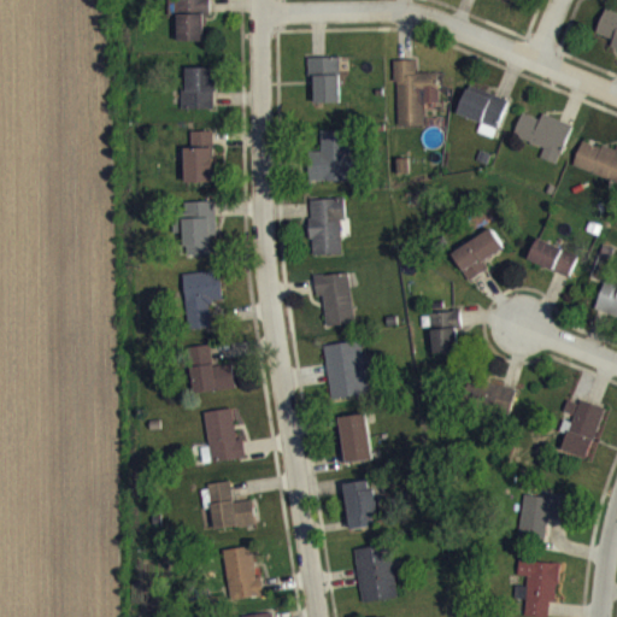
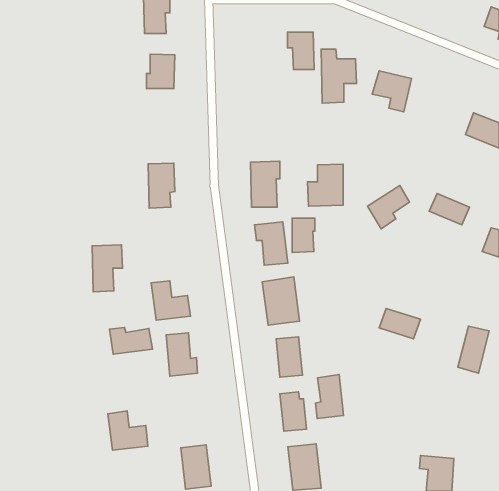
building: [306,57,339,102] -> [288,32,314,70]
building: [512,112,569,164] -> none
building: [307,129,351,181] -> [308,164,343,206]
building: [183,130,212,182] -> none
building: [183,271,221,329] -> [92,245,123,292]
building: [430,311,458,353] -> [292,218,315,253]
building: none -> [109,327,152,354]
building: none -> [316,375,343,419]
building: [205,481,254,529] -> [108,411,148,450]
building: [516,493,570,541] -> none

